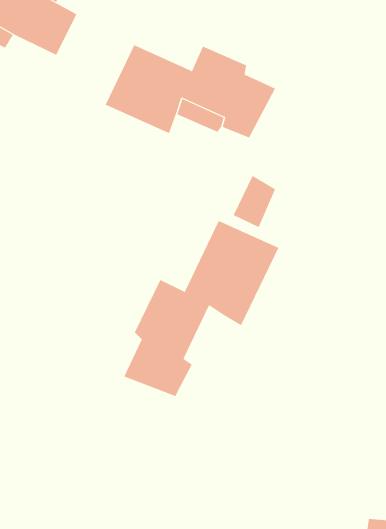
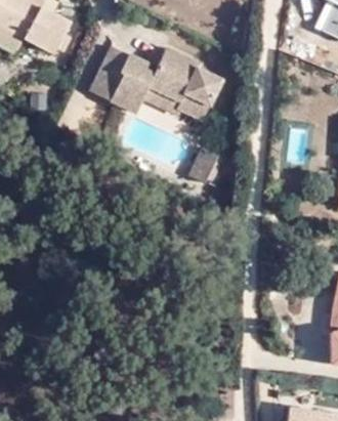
building: [123,220,279,397] -> none

